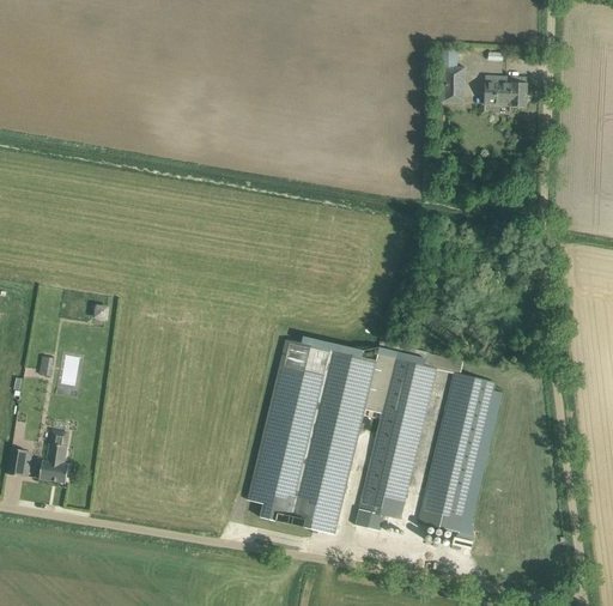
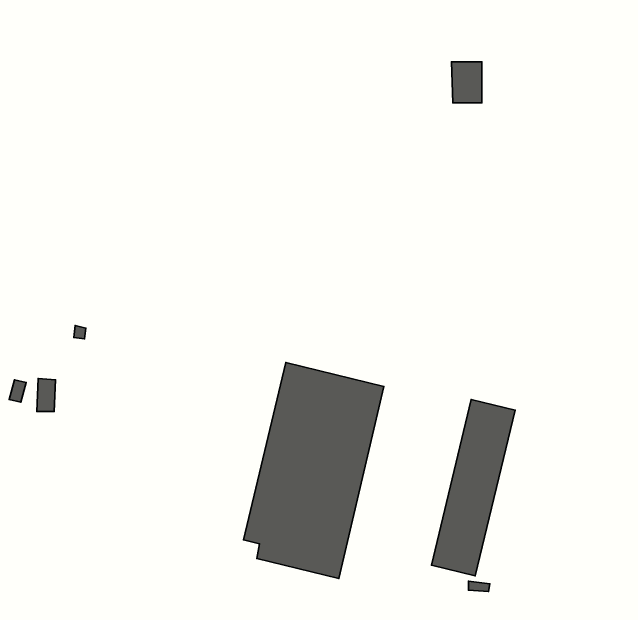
building: [484,75,527,104] -> none
building: [356,357,435,528] -> none
building: [41,429,69,481] -> none

